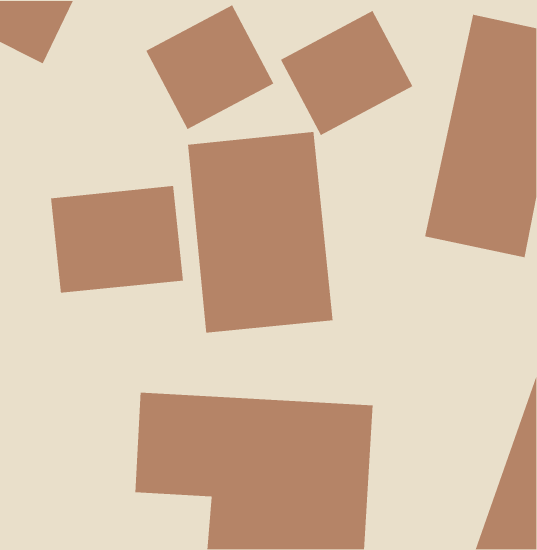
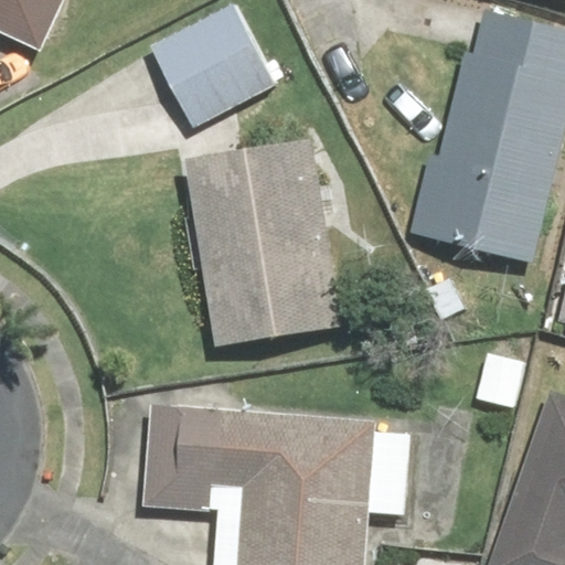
building: [280,10,413,136] -> none
building: [50,185,184,294] -> none

